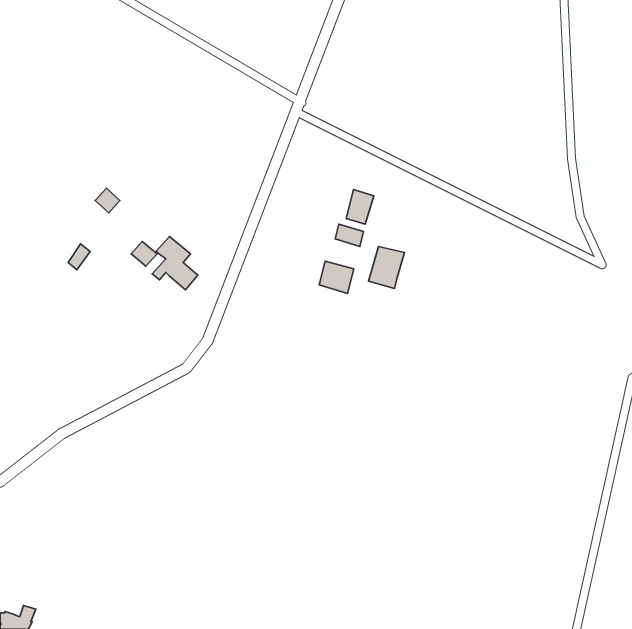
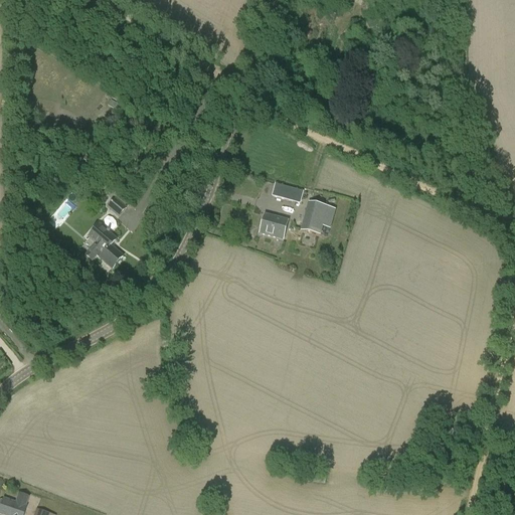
building: [346,190,374,224] -> none
building: [152,237,198,290] -> [85,223,123,267]

